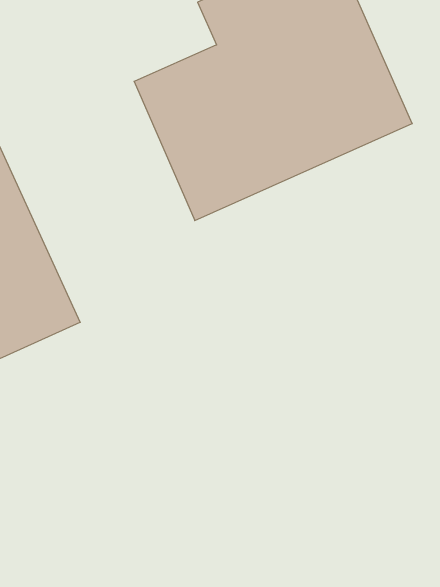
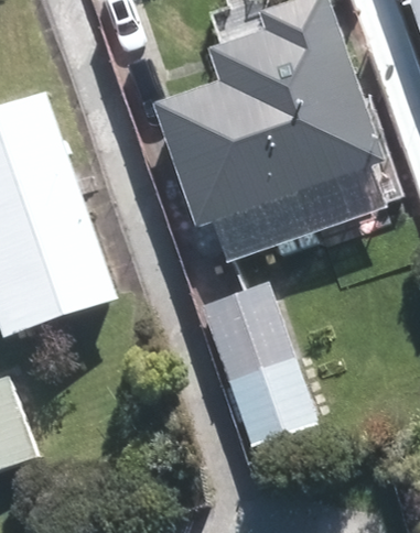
building: none -> [193,282,309,446]

